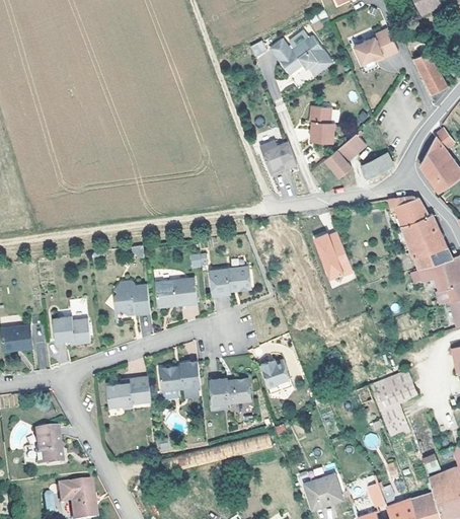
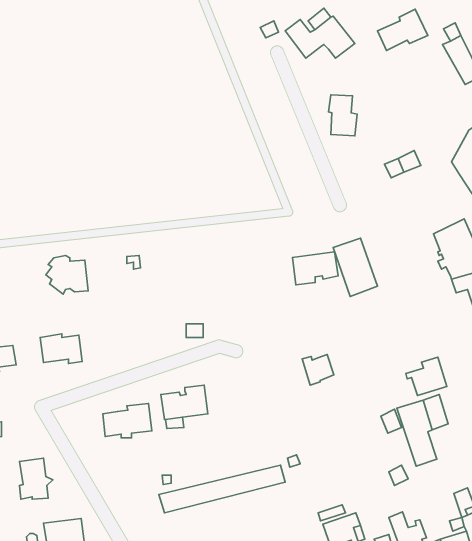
building: [325,130,368,175] -> none
building: [258,138,296,173] -> none
building: [385,196,427,227] -> none
building: [210,266,250,295] -> [292,252,338,285]
building: [155,278,198,306] -> none
building: [112,281,150,315] -> [46,255,88,294]
building: none -> [406,357,447,395]
building: [259,361,288,388] -> [302,354,334,385]
building: [213,374,252,409] -> none

